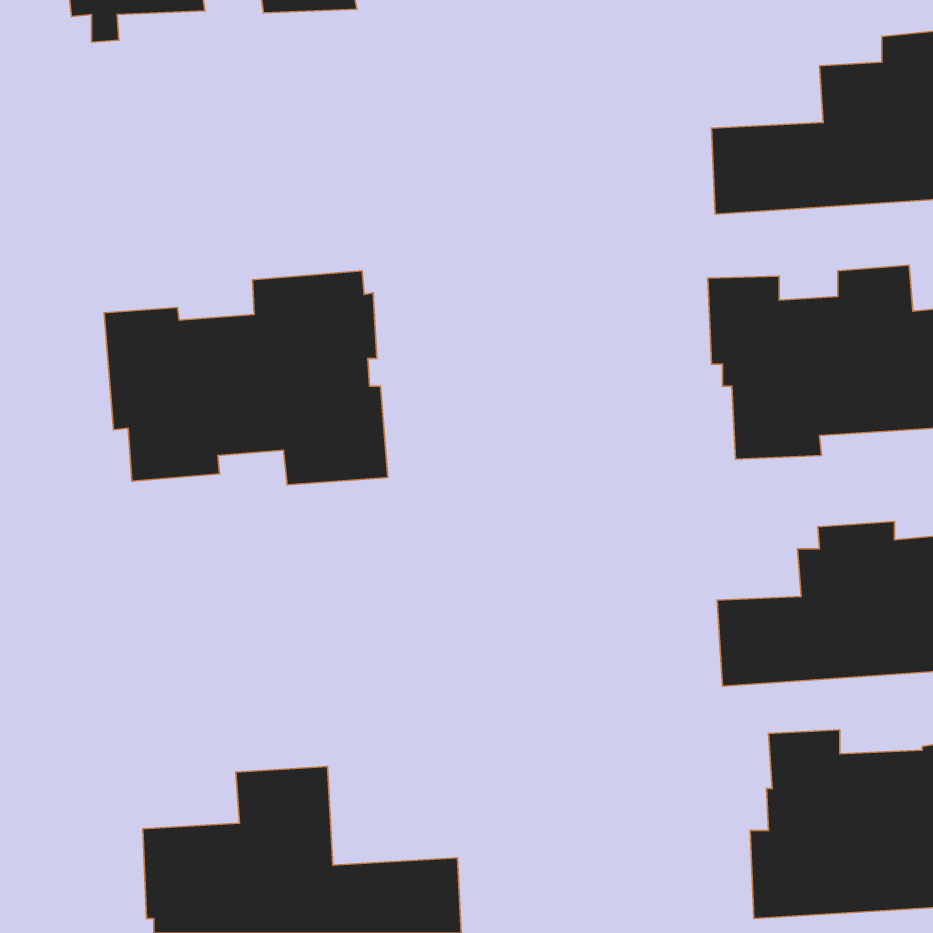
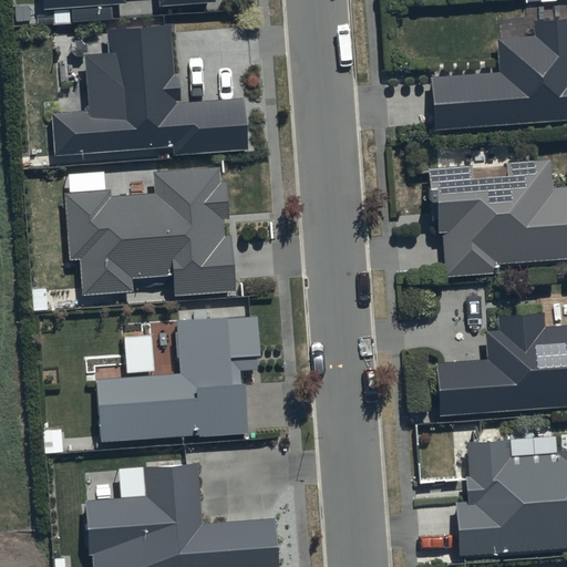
building: none -> [53,27,250,155]
building: none -> [99,318,261,442]

